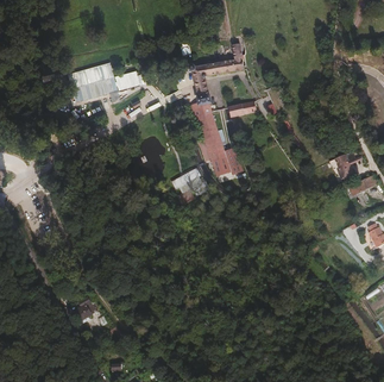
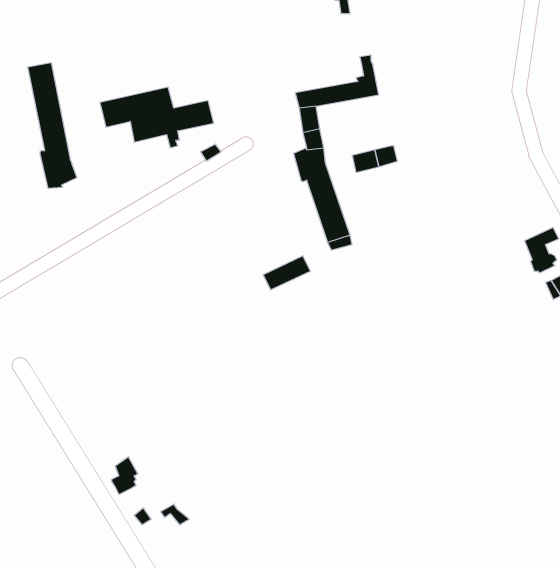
building: none -> [28,63,77,189]

